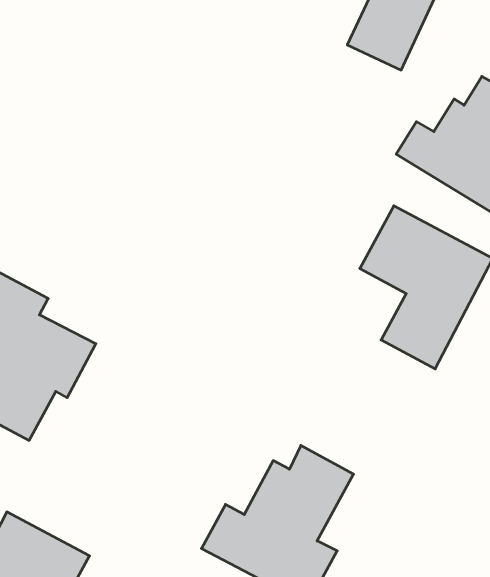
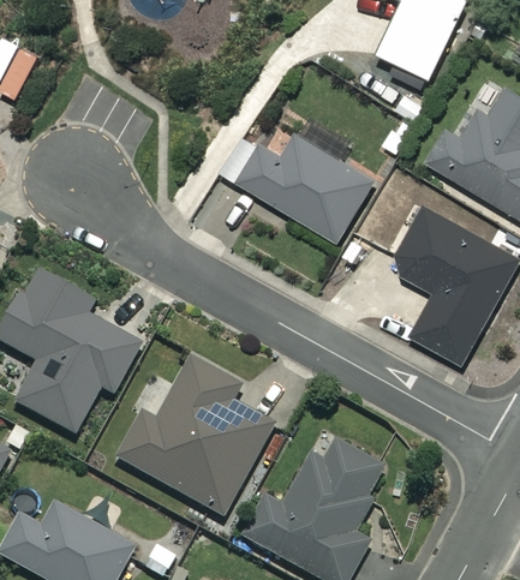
building: none -> [238,132,372,241]
building: none -> [118,360,273,514]

